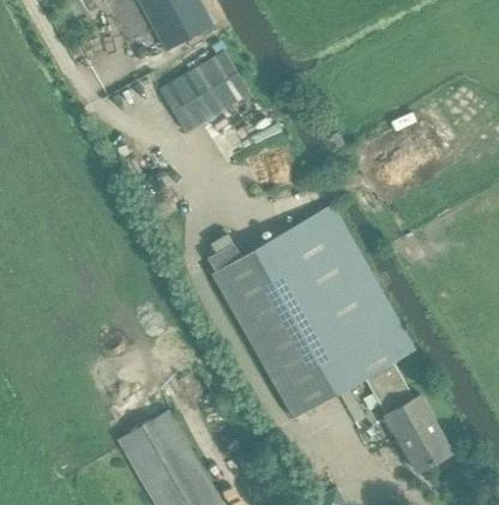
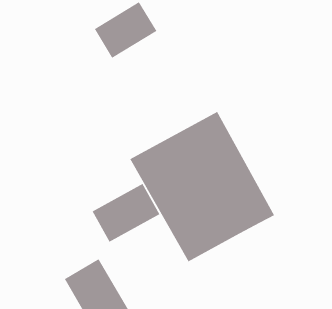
building: none -> [92,183,160,243]
building: [365,362,452,471] -> none

